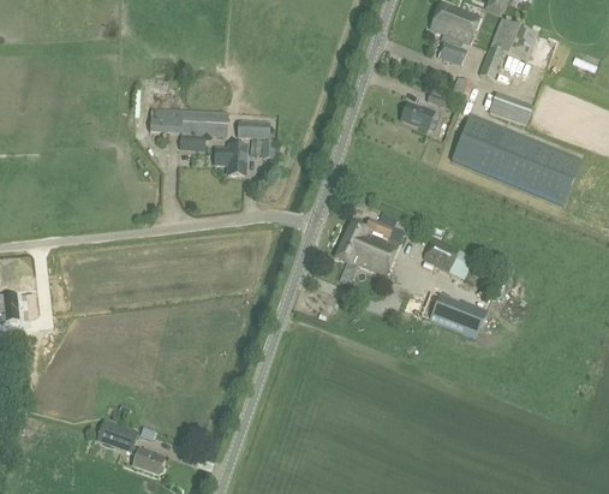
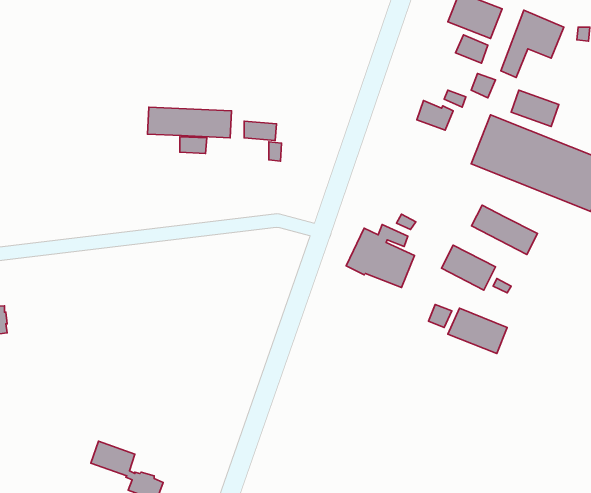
building: [215,148,246,174] -> none
building: none -> [472,205,537,254]

